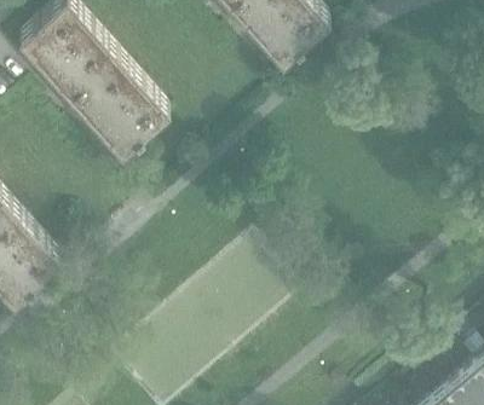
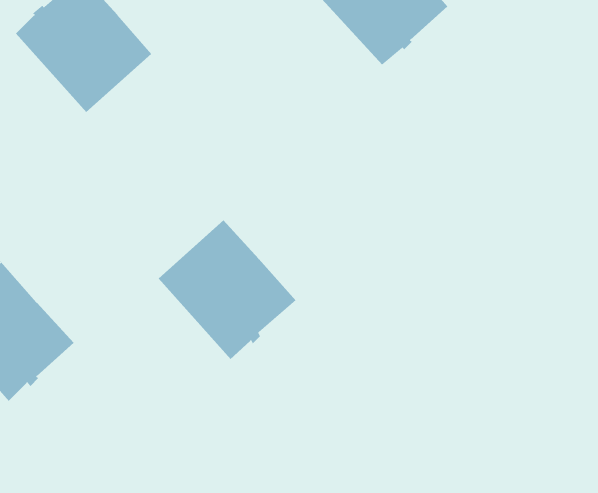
building: [69,56,168,156] -> [158,219,296,360]

